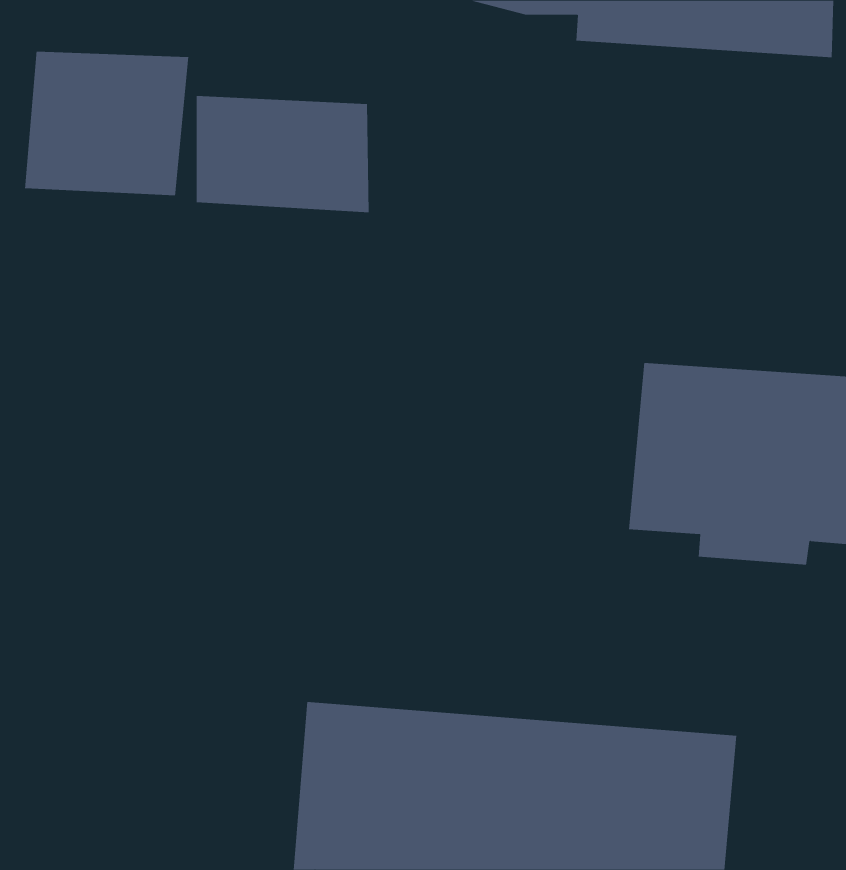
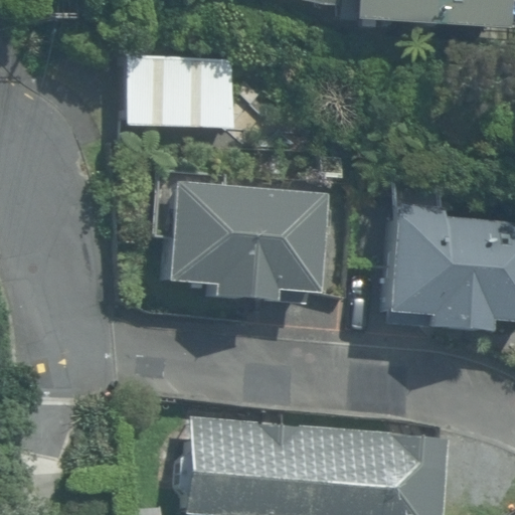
building: [25,51,189,196] -> none
building: none -> [167,182,326,303]

